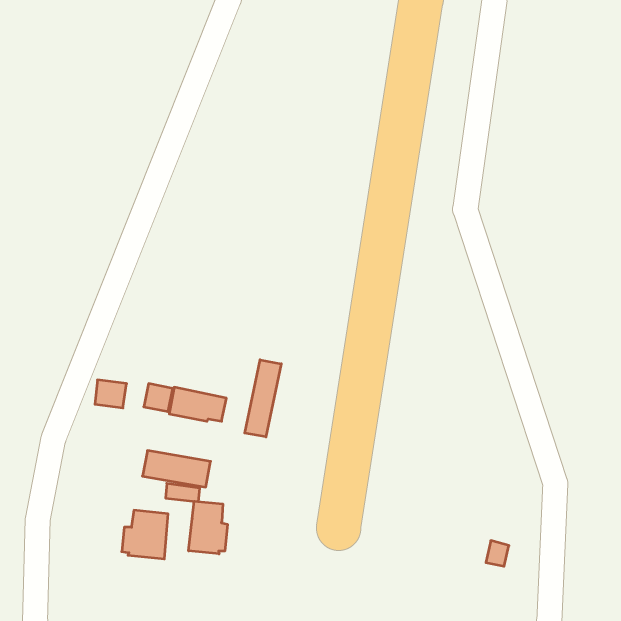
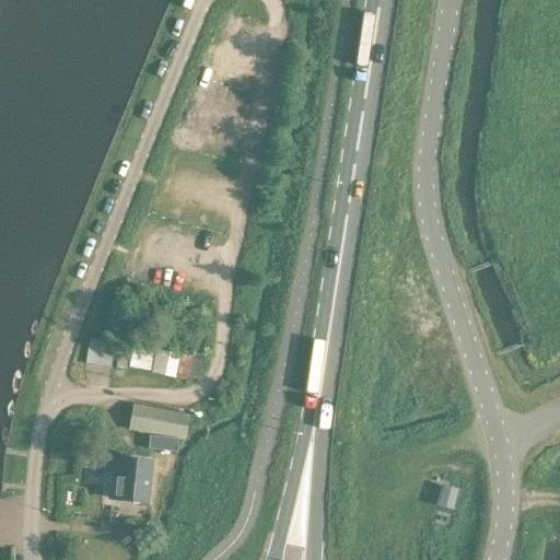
building: [245,360,281,437] -> none
building: [189,501,227,554] -> none

